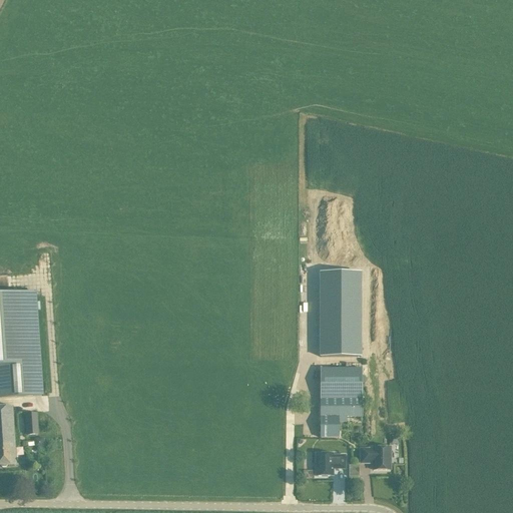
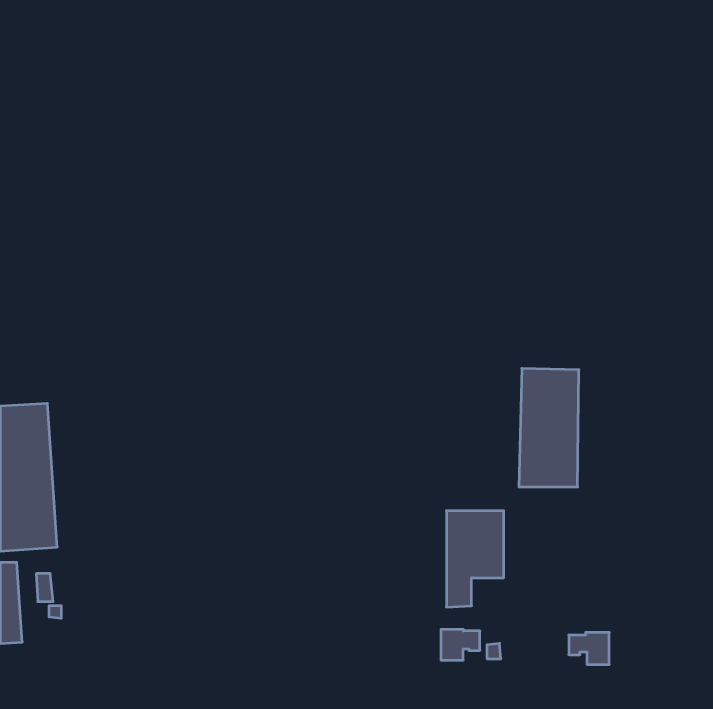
building: [319,270,362,355] -> [519,368,579,487]
building: [361,445,390,468] -> [569,632,609,664]

